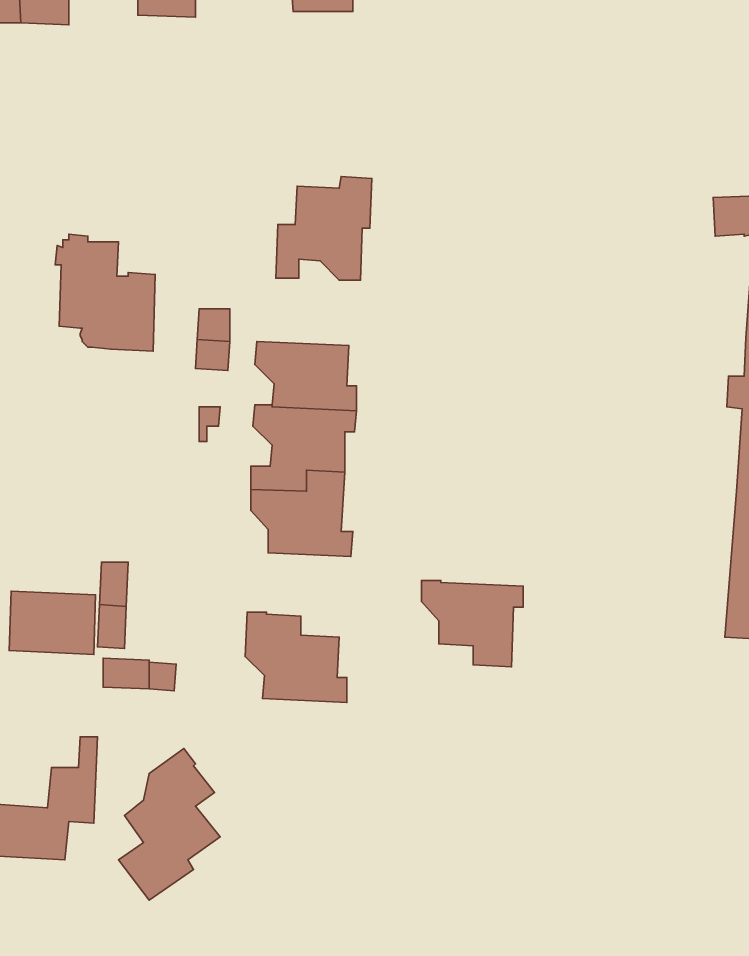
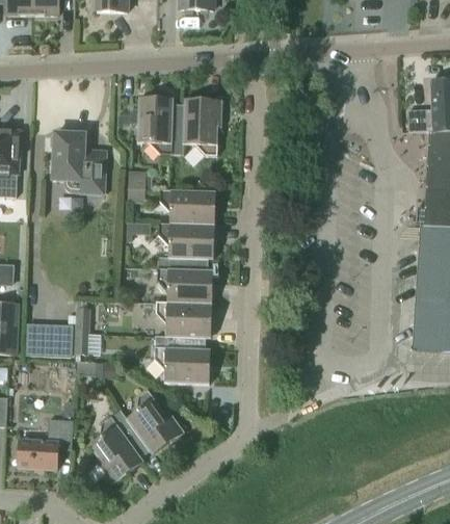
building: none -> [137,98,182,154]
building: [421,580,523,667] -> [156,302,211,348]
building: none -> [126,389,184,456]

